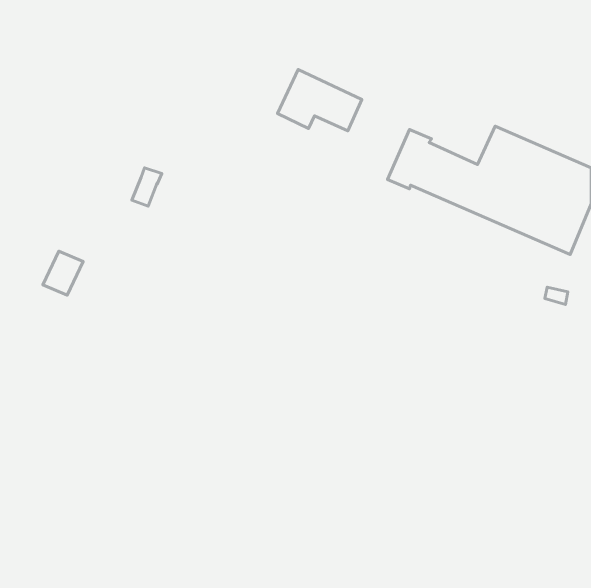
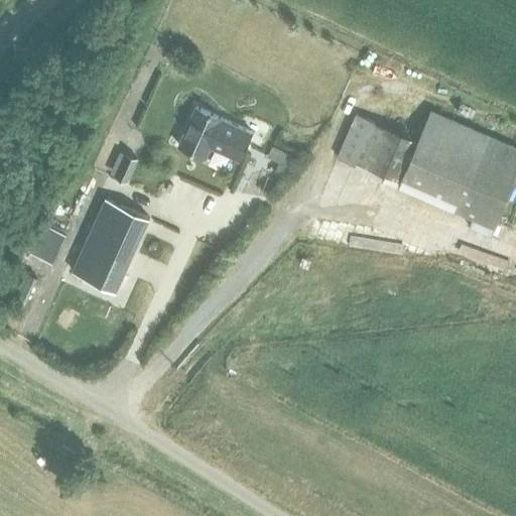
building: [277,69,362,131] -> [176,109,250,162]
building: none -> [73,200,149,293]

